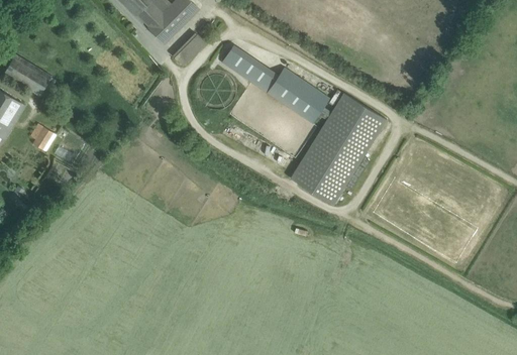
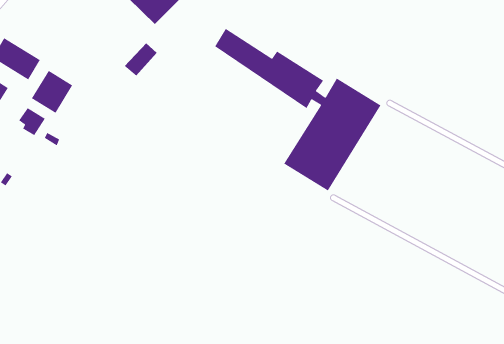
building: [171,31,204,65] -> [124,43,158,77]
building: none -> [31,70,73,114]

